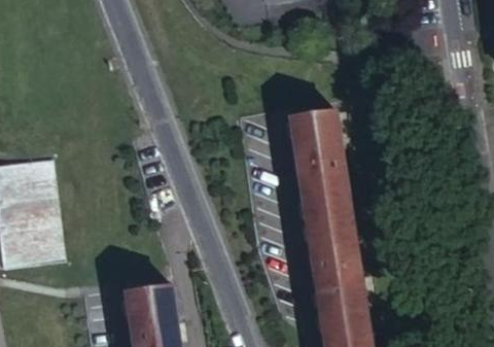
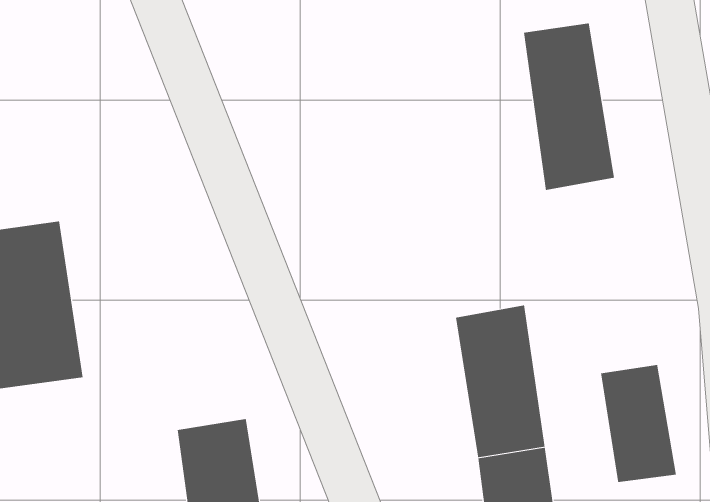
building: [292,112,352,221] -> [523,23,615,191]
building: none -> [601,364,676,483]

